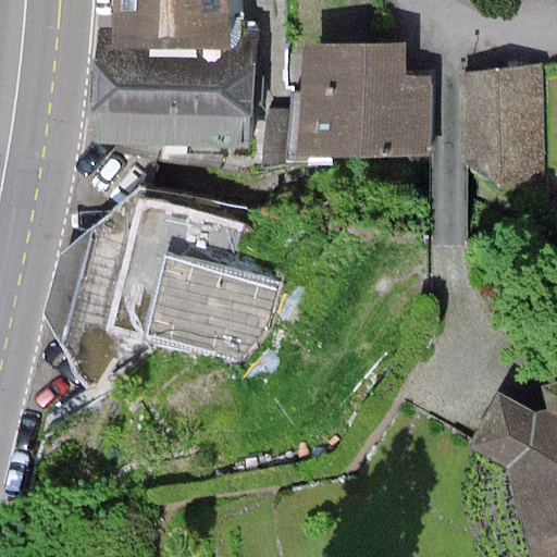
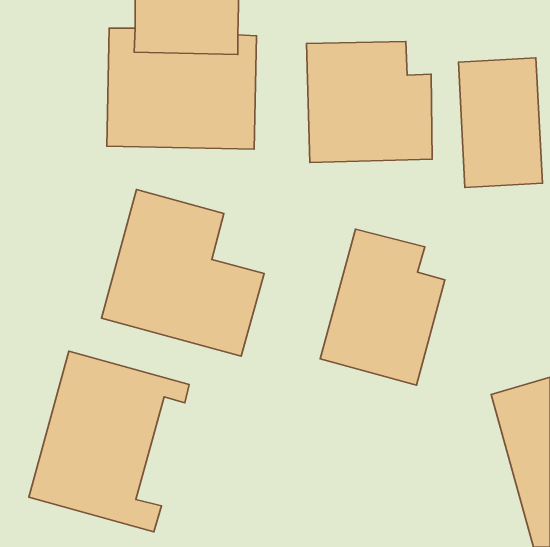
building: none -> [320,229,445,385]
building: none -> [29,351,189,532]

